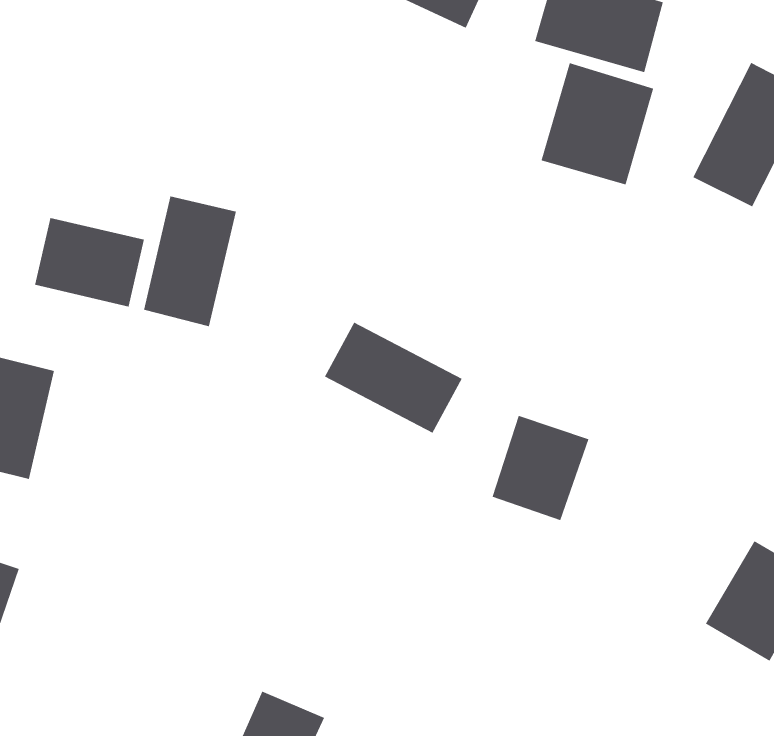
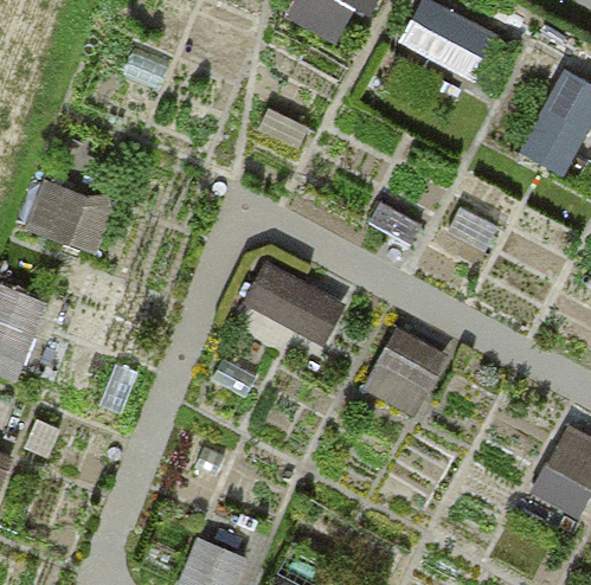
building: [540,62,654,186] -> none
building: [143,196,237,327] -> none

